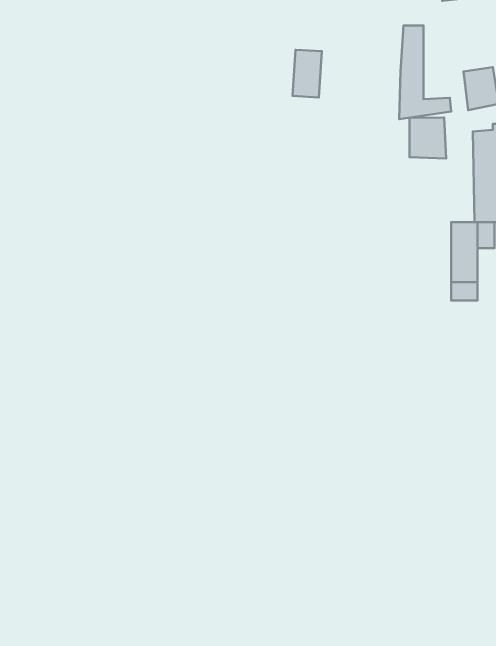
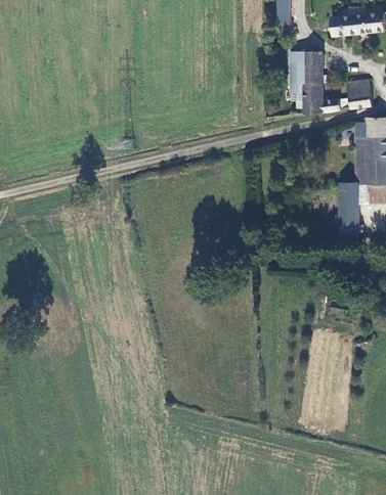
building: [293,50,322,97] -> [288,50,307,82]
building: [410,117,446,158] -> none

